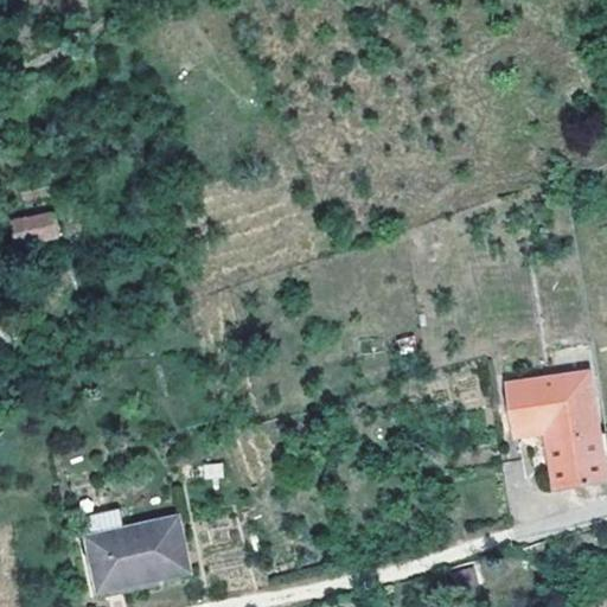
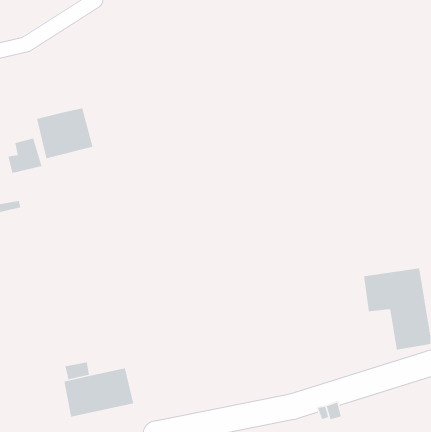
building: none -> [36,107,94,159]

